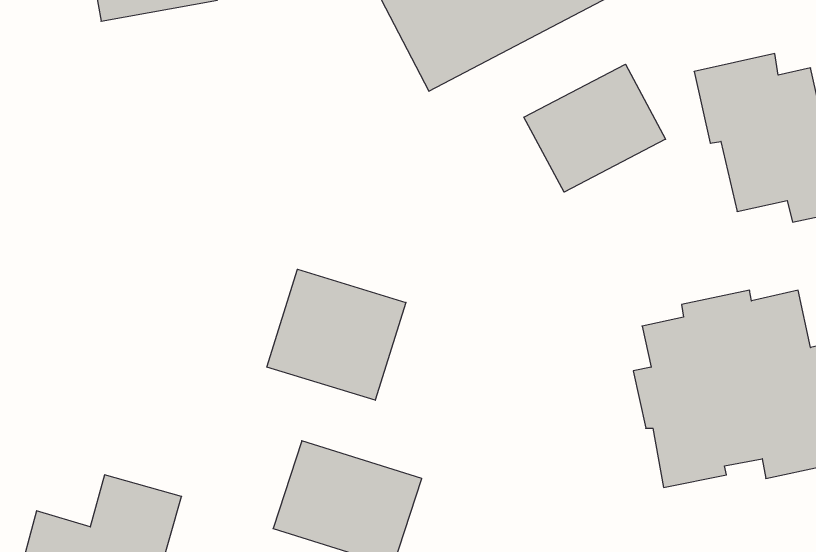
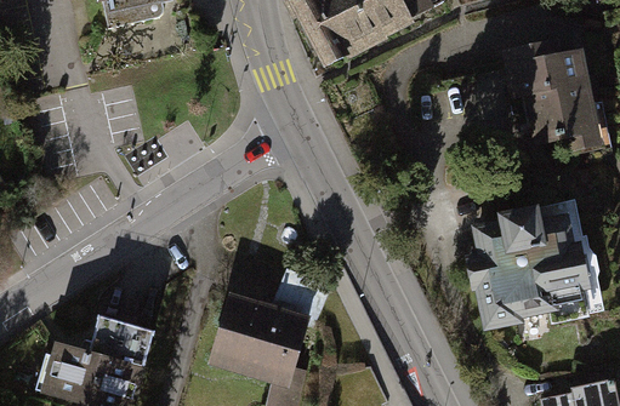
building: [524,64,666,192] -> none
building: [267,269,406,400] -> none

